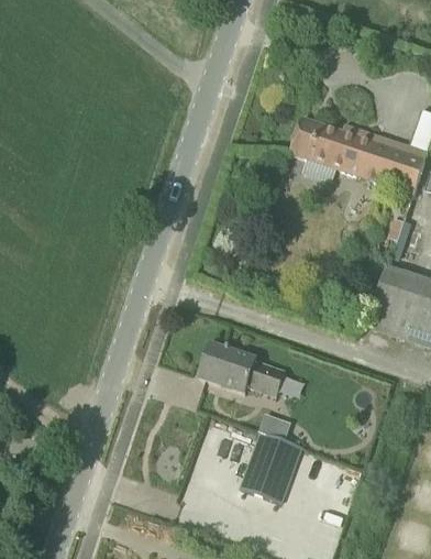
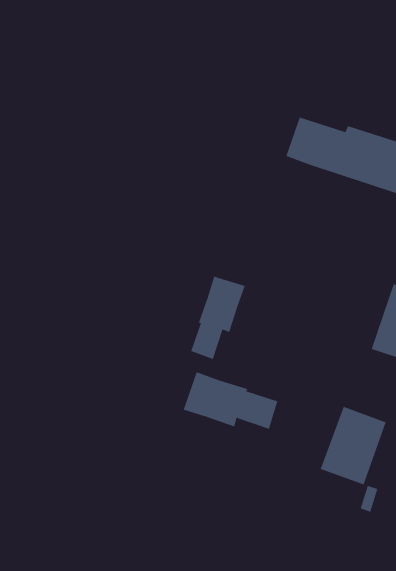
building: none -> [191,276,245,360]
building: [241,430,300,501] -> [320,406,387,485]

